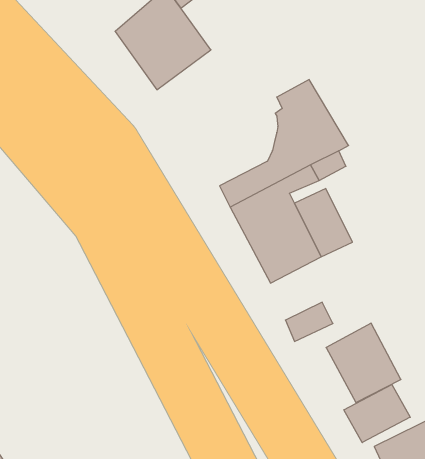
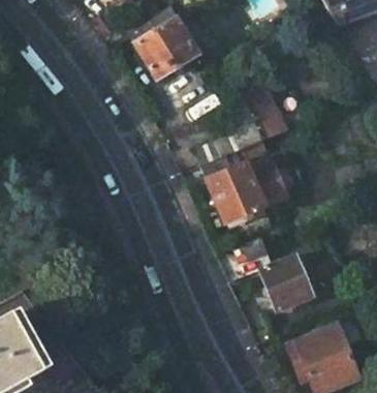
building: [344,384,410,443] -> none

